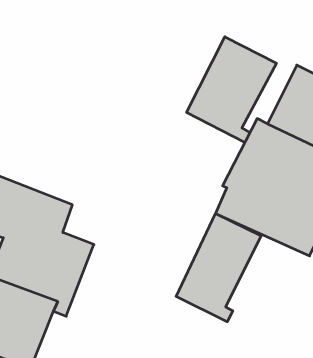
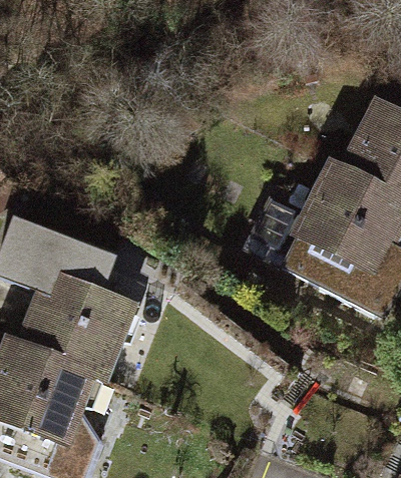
building: [187,37,276,143] -> none
building: [176,214,261,322] -> none

